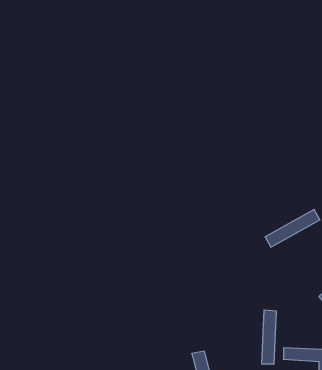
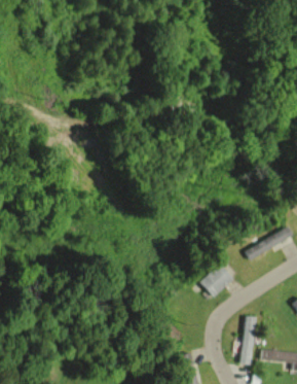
building: none -> [199,264,232,296]

